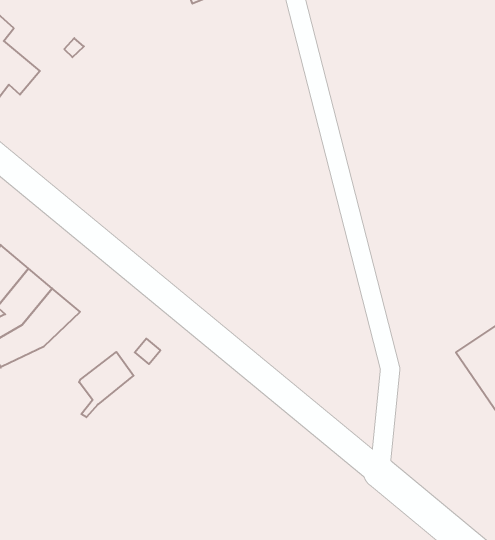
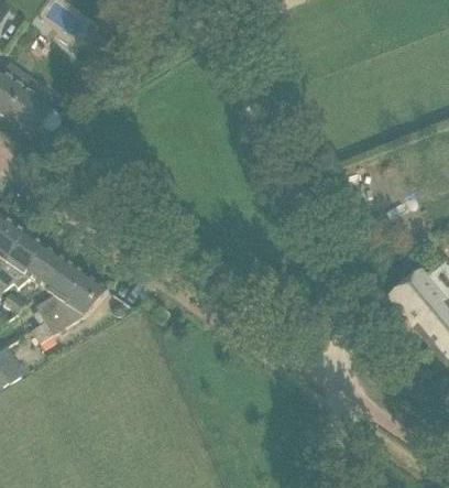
building: [79,352,134,417] -> none

